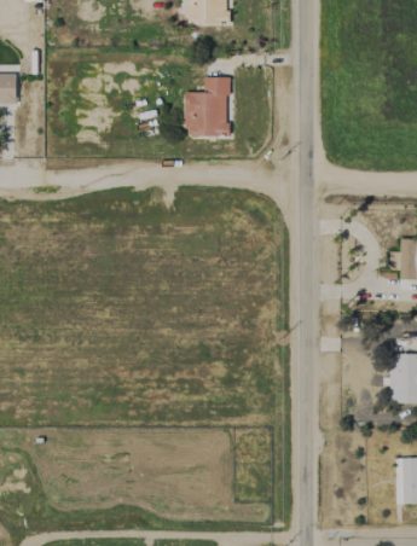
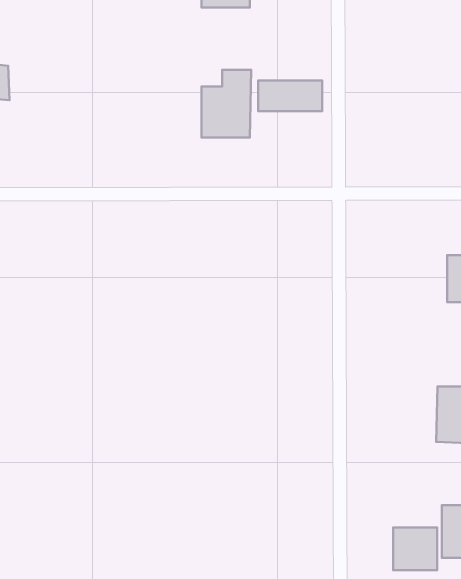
building: none -> [258,80,322,111]
building: none -> [393,527,437,570]

